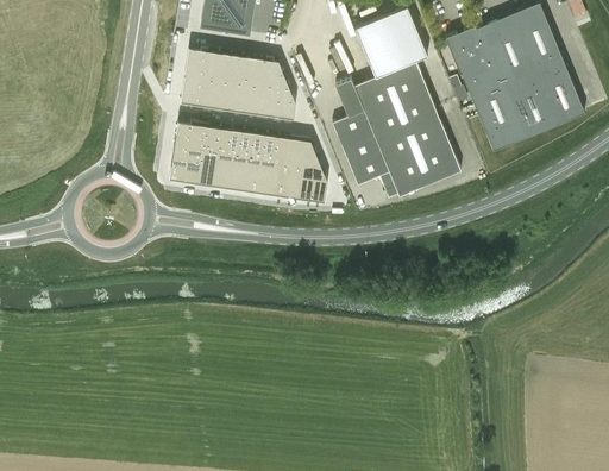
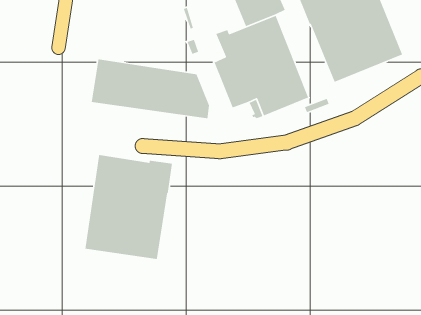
building: [181,48,296,118] -> none
building: none -> [85,154,173,260]

